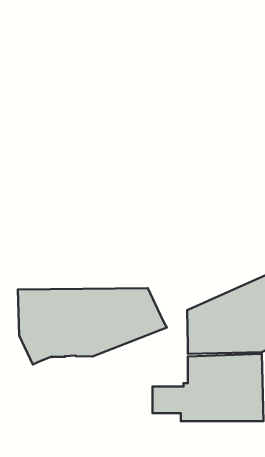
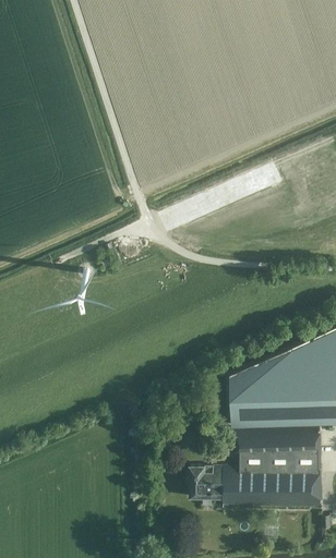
building: [18,288,167,364] -> none

